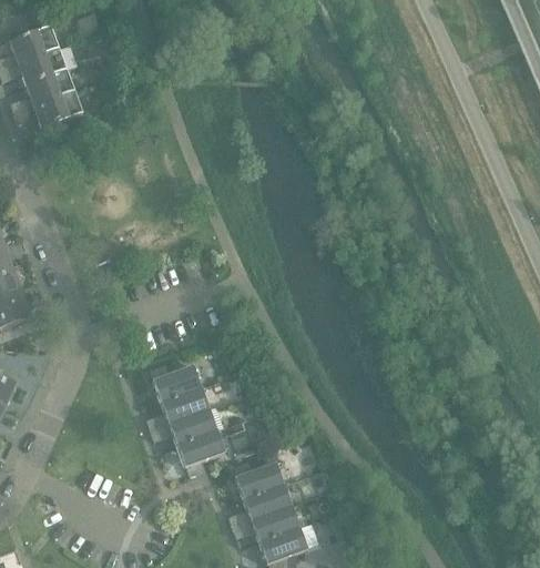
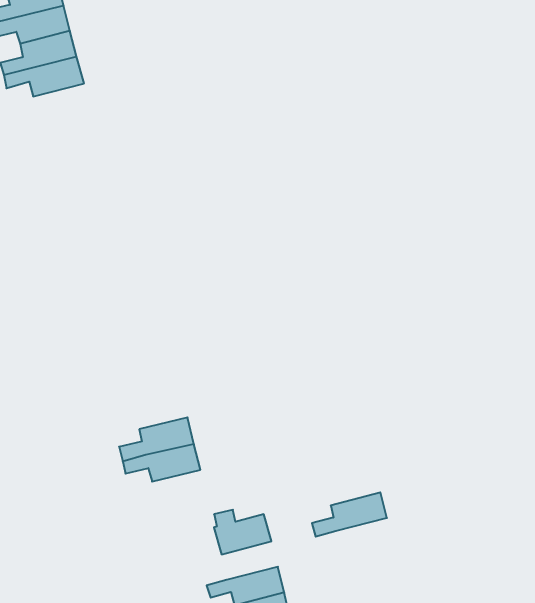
building: [153,362,203,399] -> none
building: [179,428,226,474] -> none
building: [230,483,293,526] -> [312,492,387,537]

